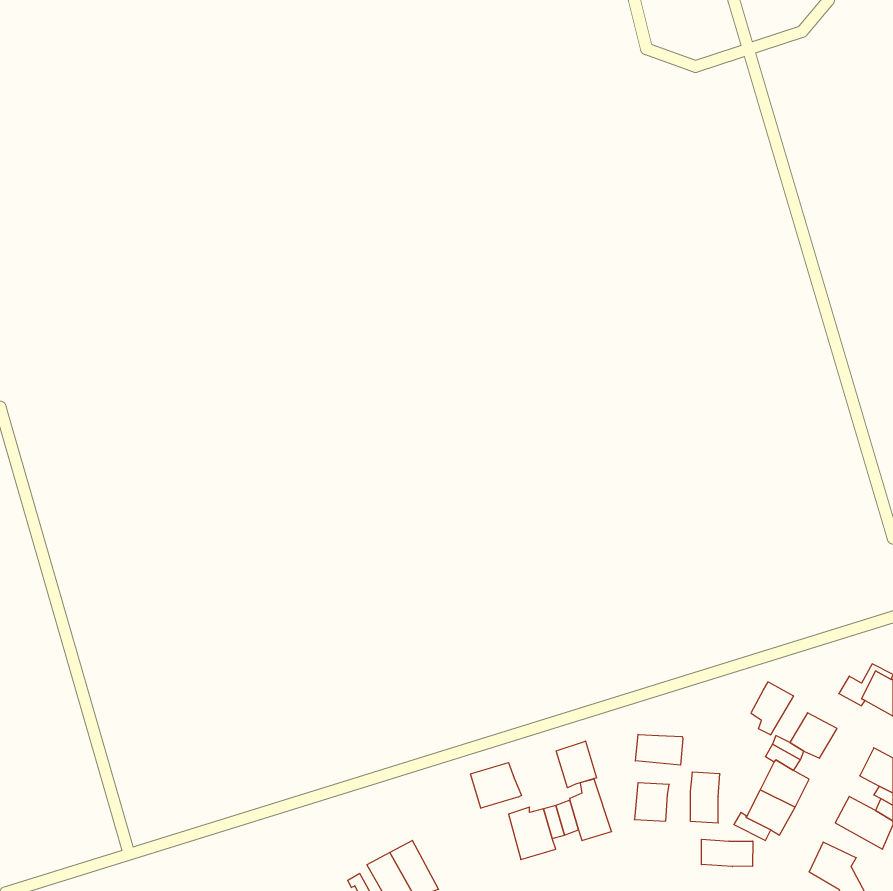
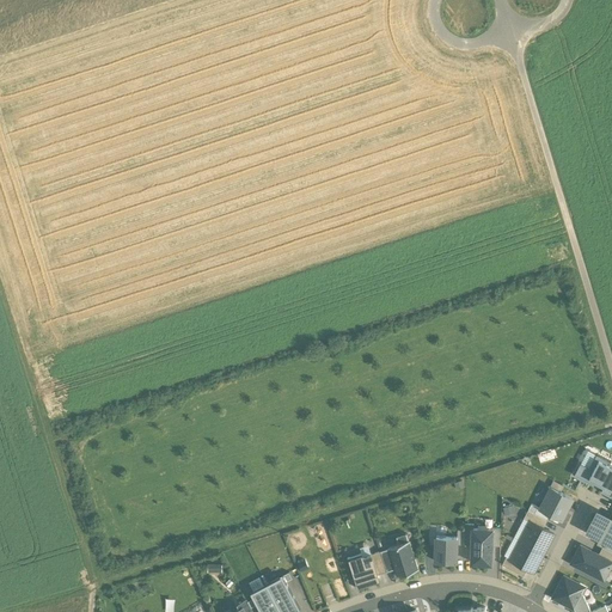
building: [751,682,793,735] -> none
building: [635,734,683,765] -> none
building: [556,741,597,788] -> none
building: [471,763,521,808] -> none
building: [701,839,753,867] -> none

